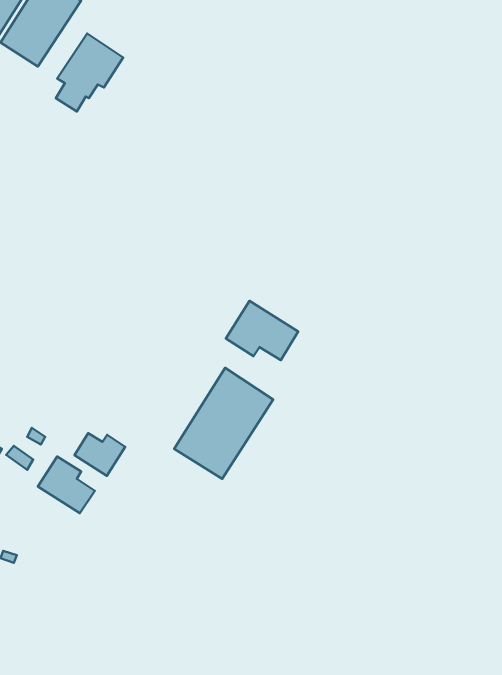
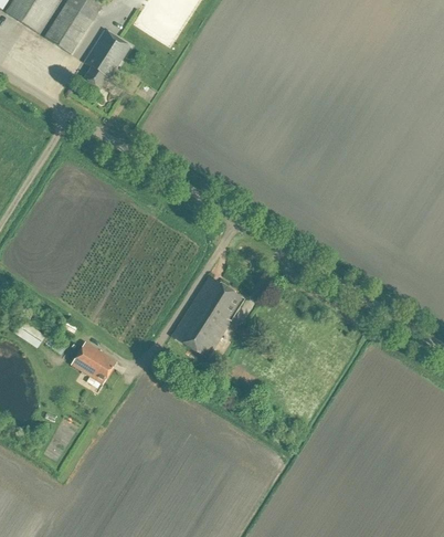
building: [226,301,298,360] -> none
building: [74,433,125,476] -> none

